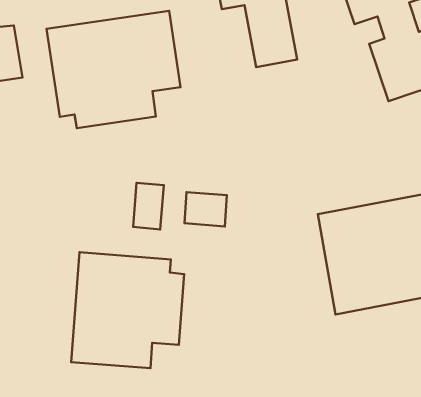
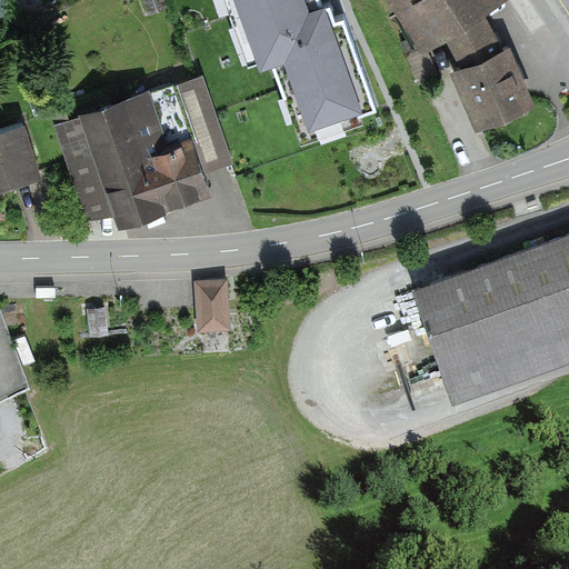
building: [185,192,227,226] -> none
building: [71,252,184,368] -> none

